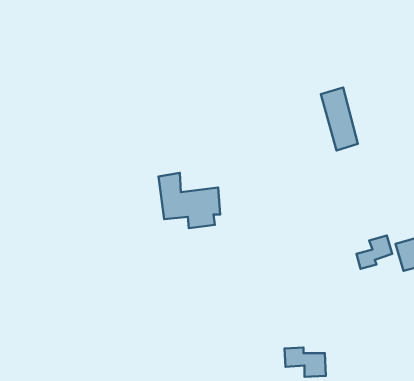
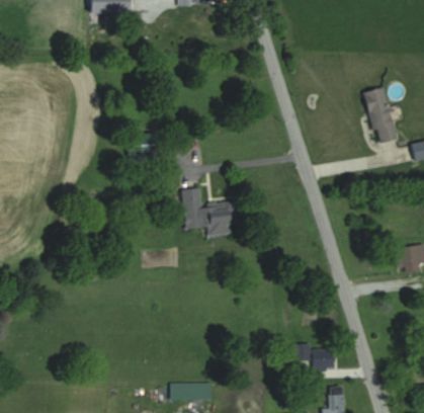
building: [321,87,358,150] -> [363,86,397,143]
building: [357,235,392,269] -> none

